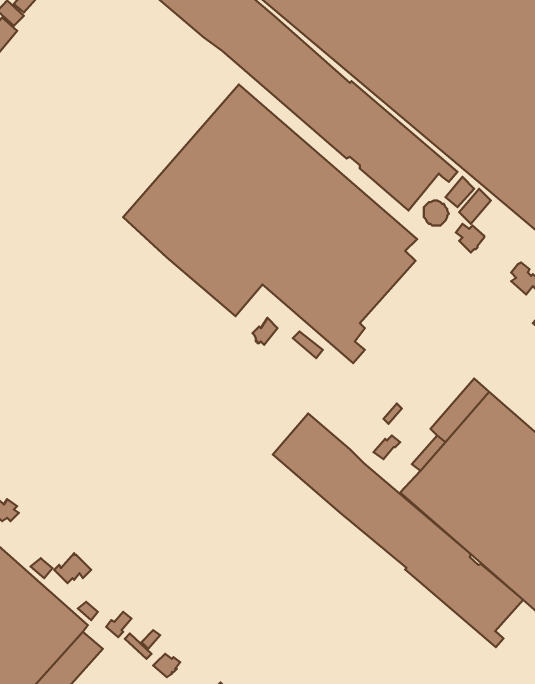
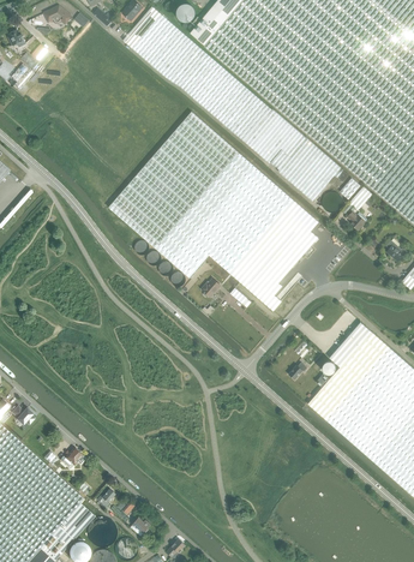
building: [273,413,523,647] -> none

